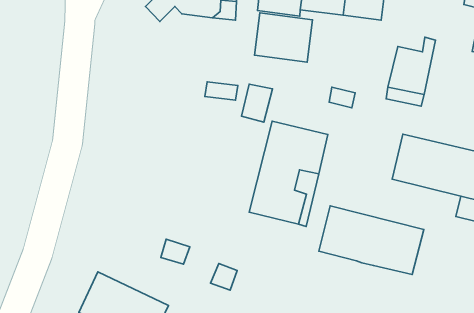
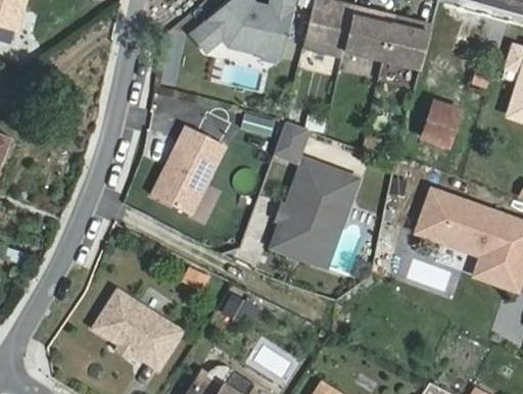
building: [255,13,312,62] -> none
building: none -> [153,124,223,212]
building: [319,206,424,275] -> none

